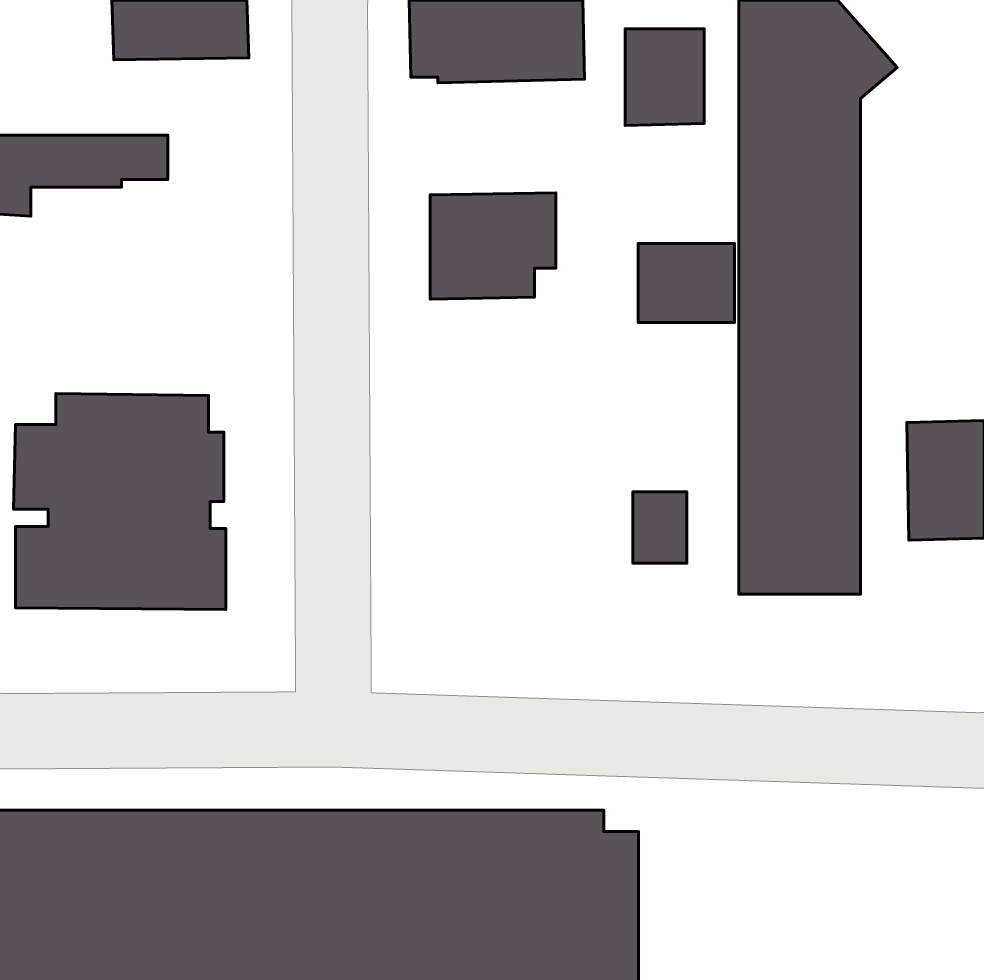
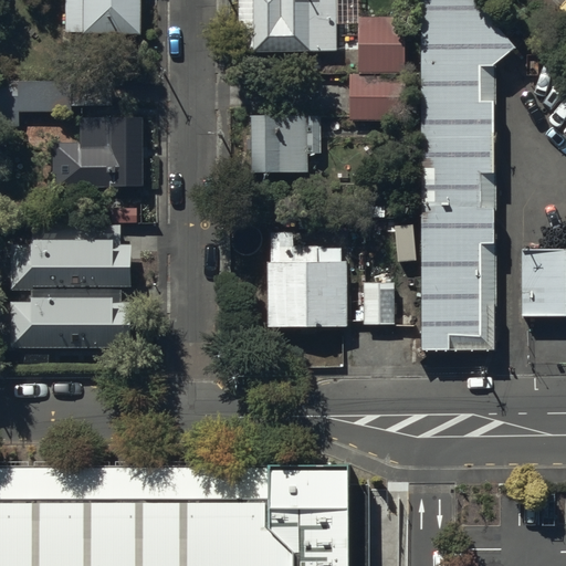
building: none -> [52,118,142,188]
building: [638,243,735,322] -> [348,78,403,124]
building: none -> [266,237,347,329]

